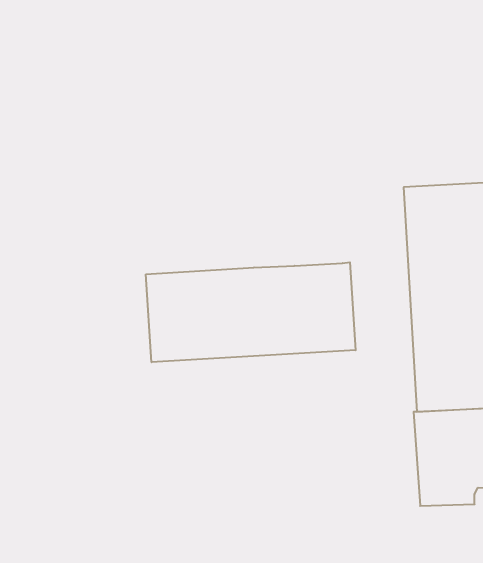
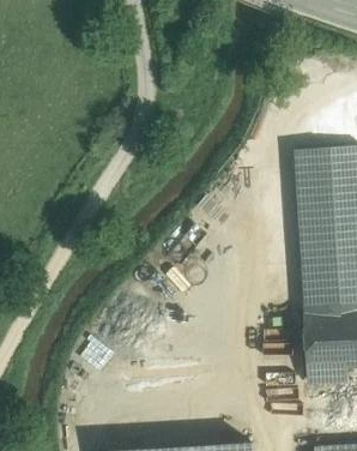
building: [146,262,356,362] -> none

